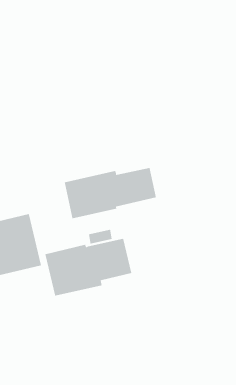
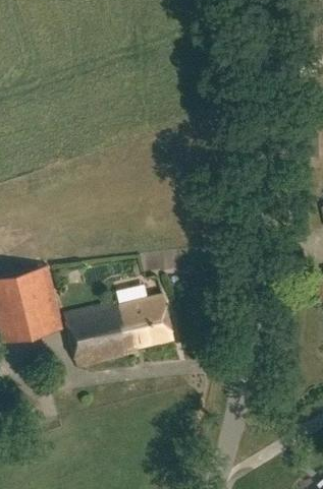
building: [64,167,157,219] -> none

